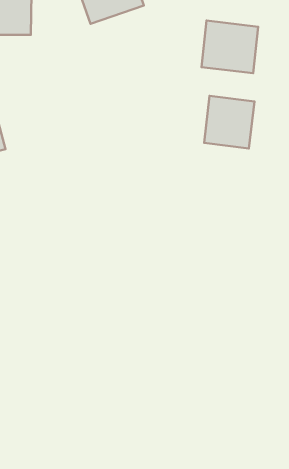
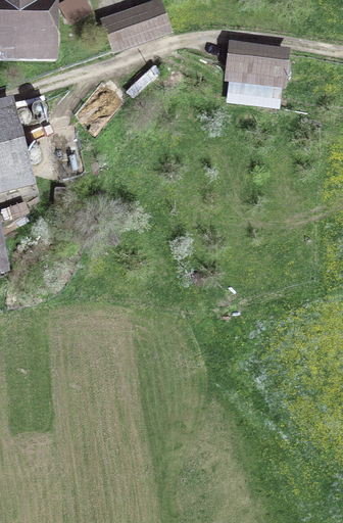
building: [204,96,254,148] -> none

